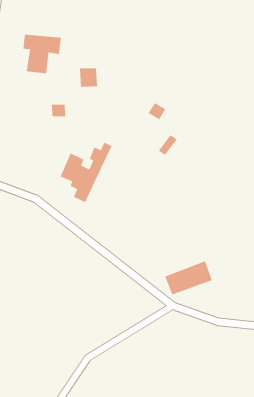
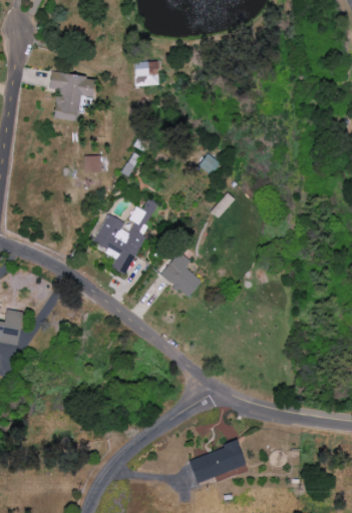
building: [79,67,98,88] -> [136,62,158,86]
building: none -> [160,252,201,297]
building: [164,260,213,296] -> [189,442,247,484]

